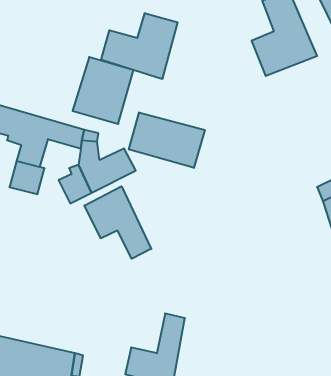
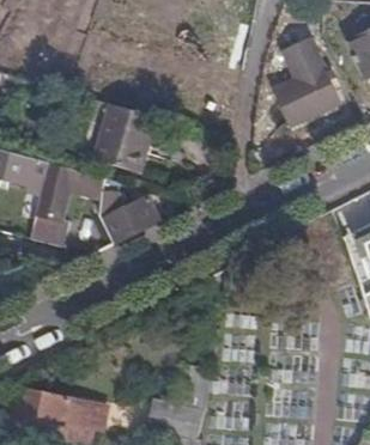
building: [101,13,178,79] -> none
building: [129,112,205,168] -> none
building: [84,186,151,259] -> none

